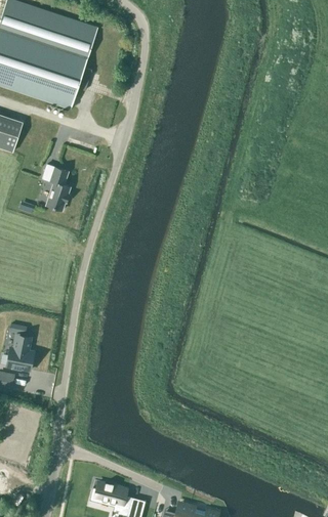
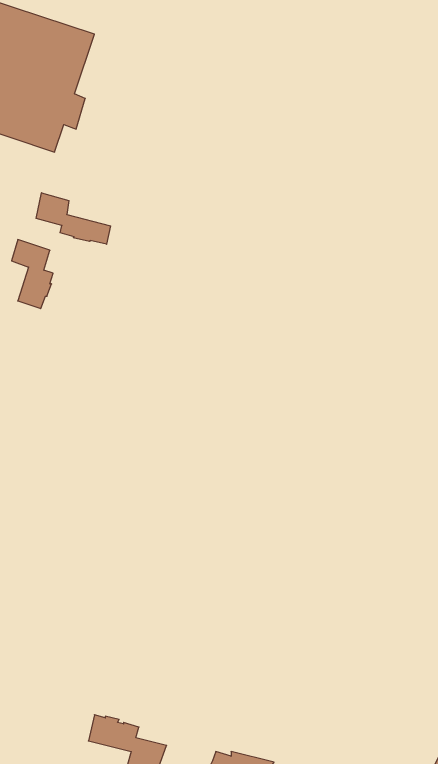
building: none -> [36,193,110,244]

